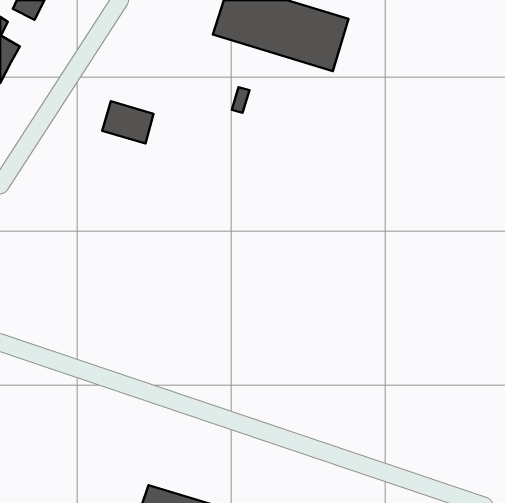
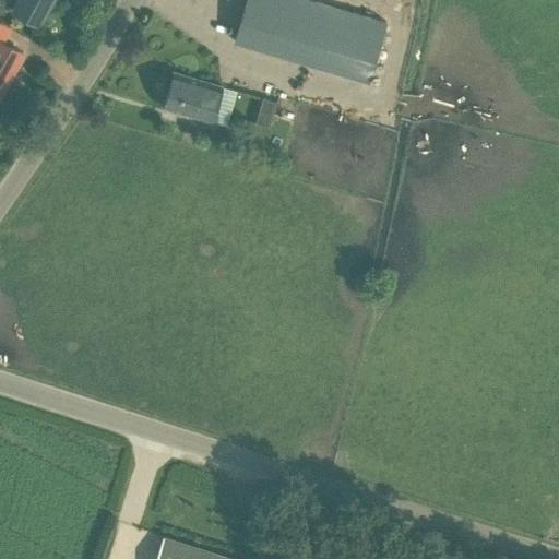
building: [102,101,154,144] -> [164,75,221,122]

